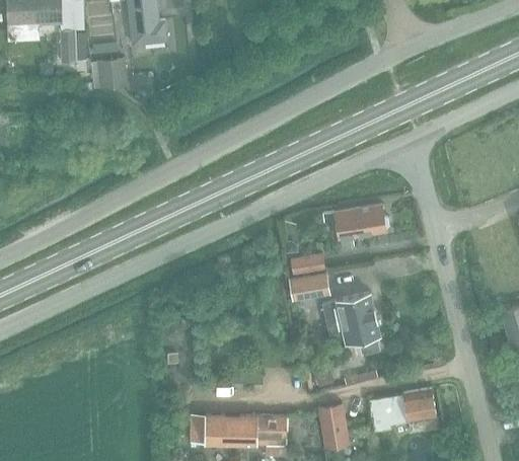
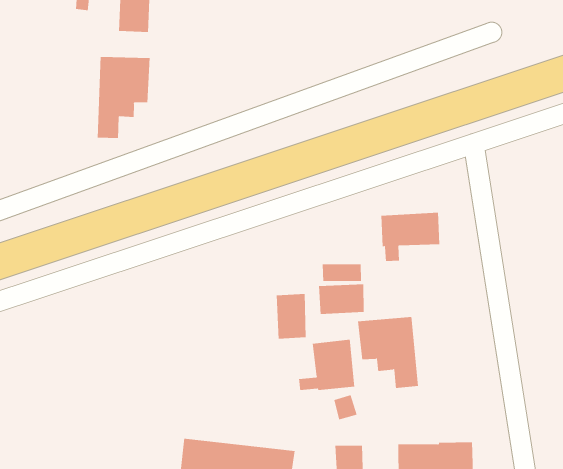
building: none -> [97,56,150,139]
building: none -> [276,293,306,339]
building: none -> [299,339,355,391]

